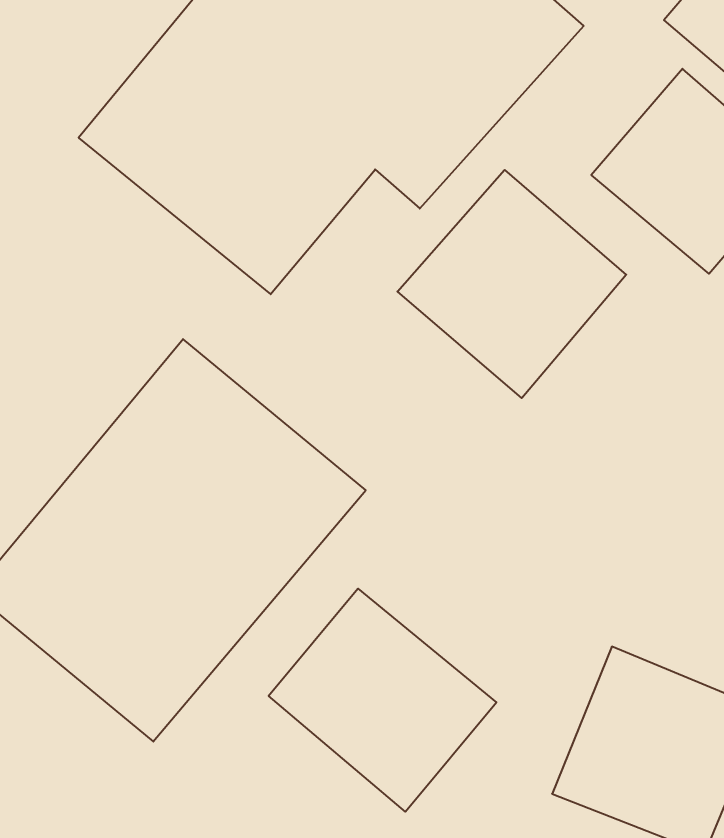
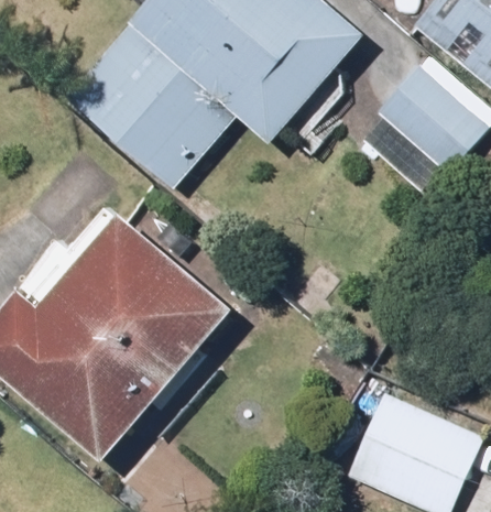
building: [397,170,626,398] -> none
building: [269,589,496,812] -> none

